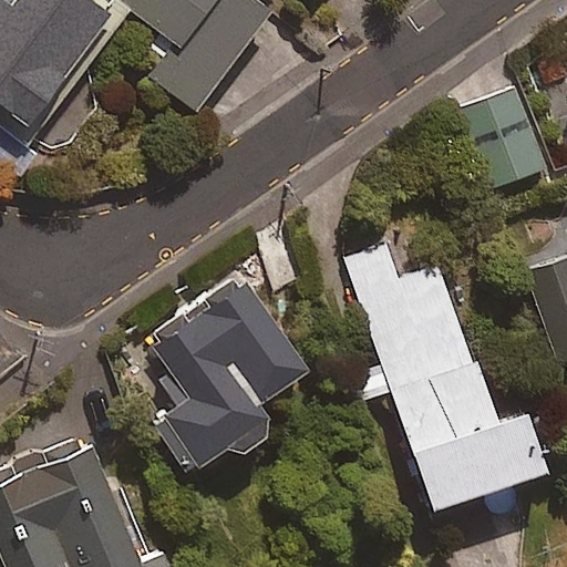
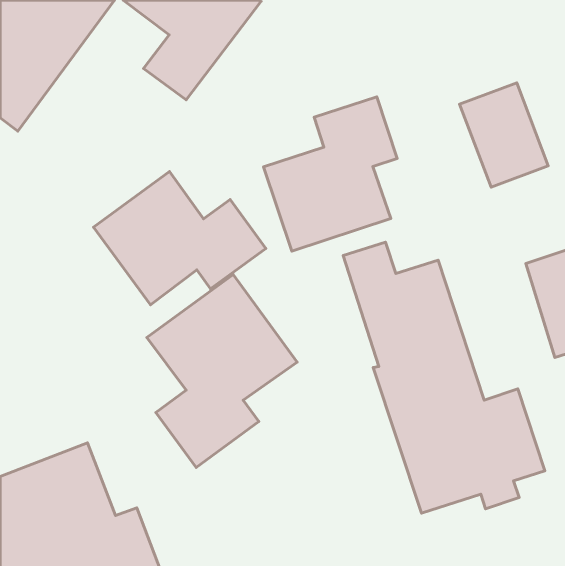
building: none -> [264,97,397,251]
building: none -> [94,171,266,305]

